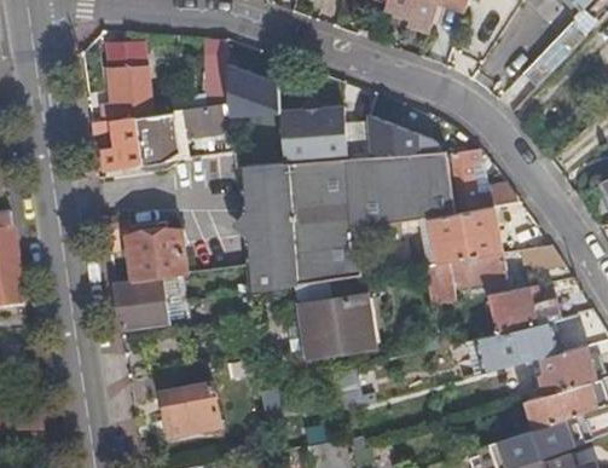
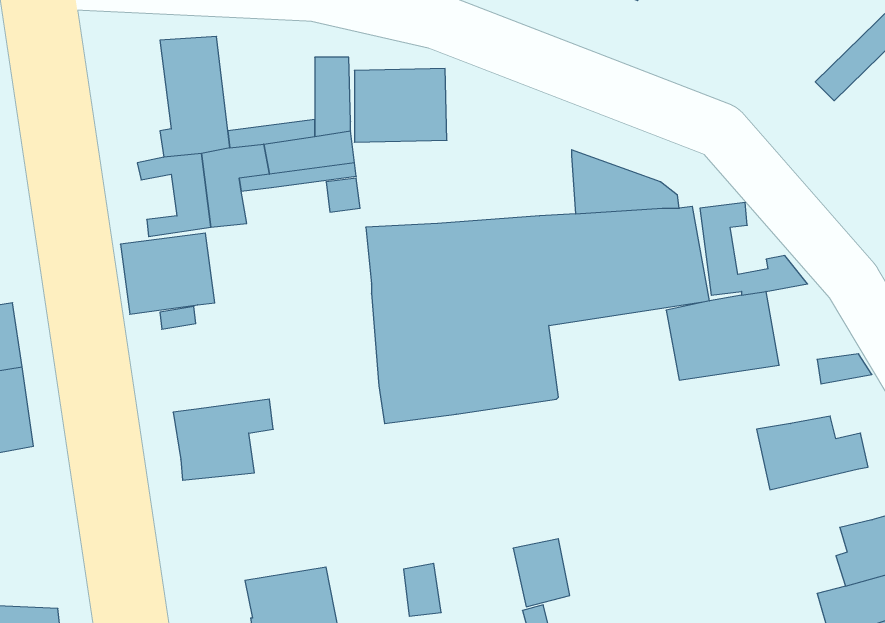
building: [279,108,371,163] -> none
building: [126,230,186,282] -> [120,233,215,314]
building: [424,254,509,304] -> none
building: [295,276,376,356] -> none
building: [491,320,561,369] -> none

